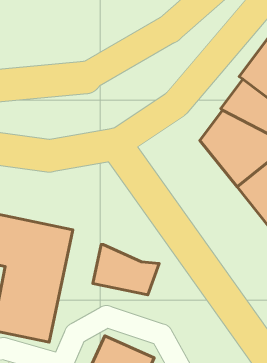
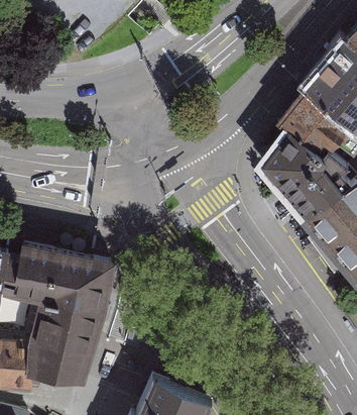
building: [93,244,159,295] -> none

